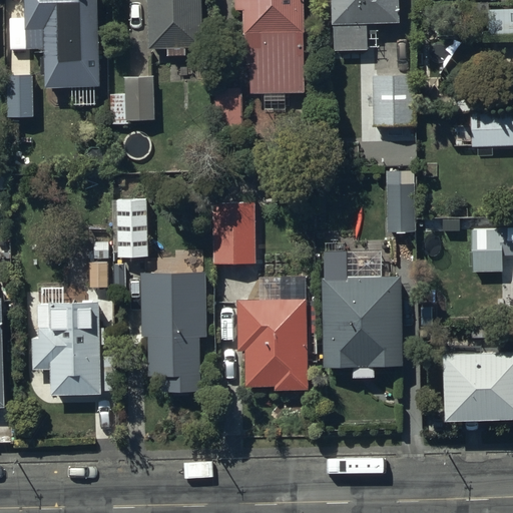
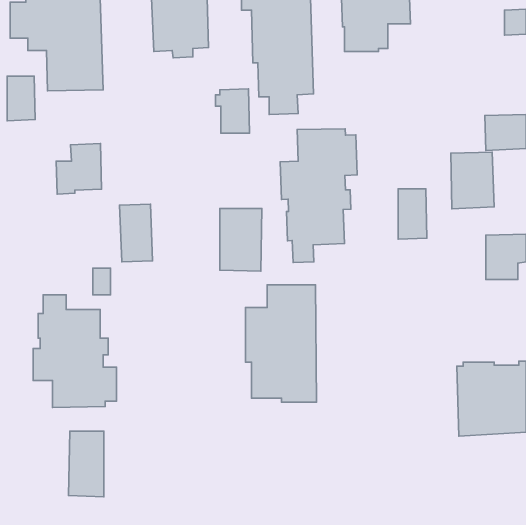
building: [372,73,414,128] -> [451,152,494,209]
building: [110,75,154,124] -> [56,144,101,194]
building: none -> [280,129,357,262]
building: [322,247,403,378] -> none
building: [141,273,207,393] -> none
building: none -> [68,431,104,497]

